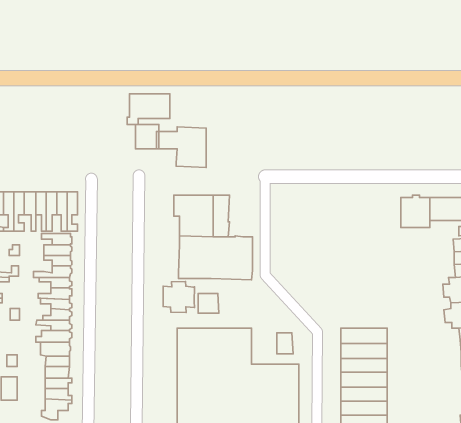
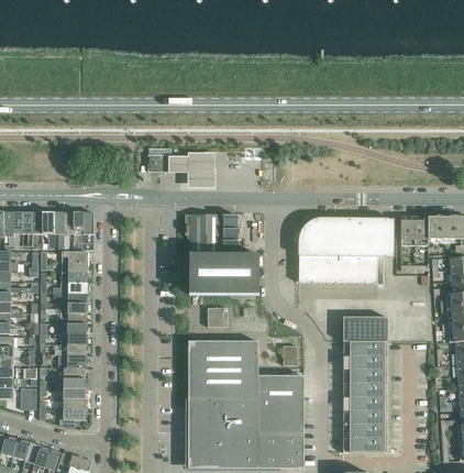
building: [127,94,170,125] -> none
building: none -> [298,218,394,283]
building: [163,281,194,313] -> none
building: none -> [343,317,387,341]

